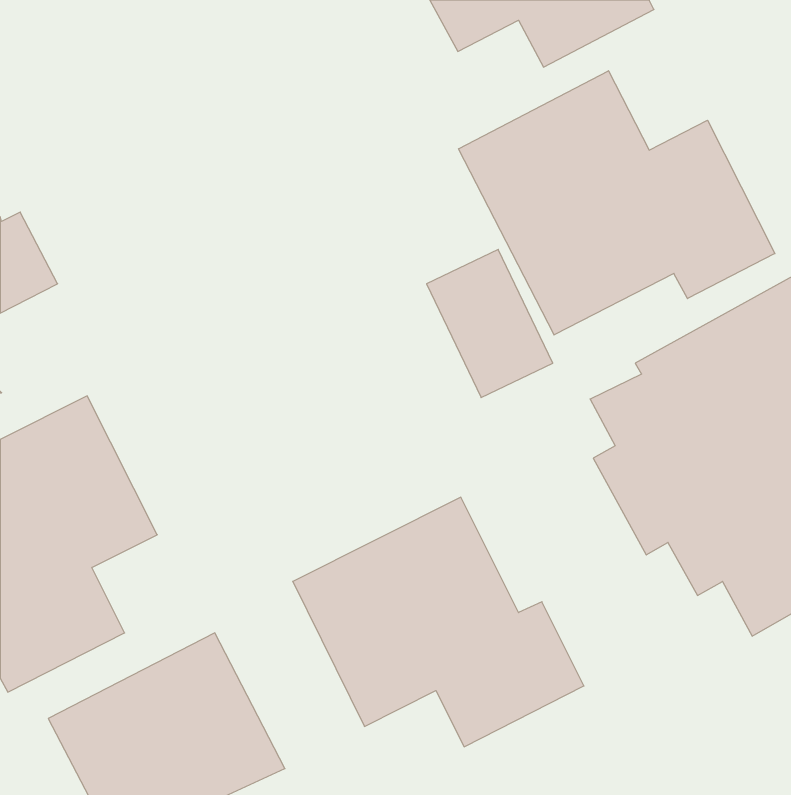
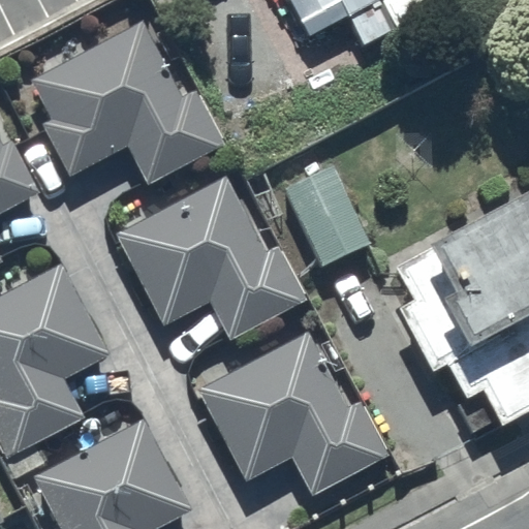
building: none -> [30,22,224,184]
building: [459,71,775,335] -> none
building: none -> [115,176,306,340]

